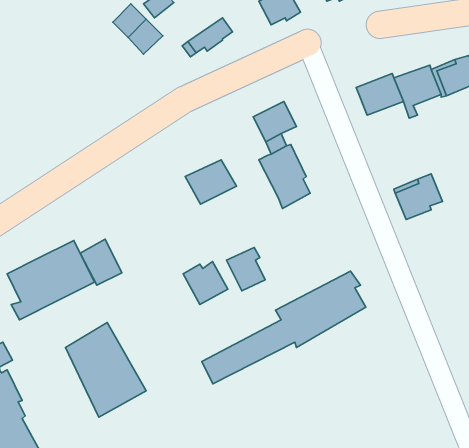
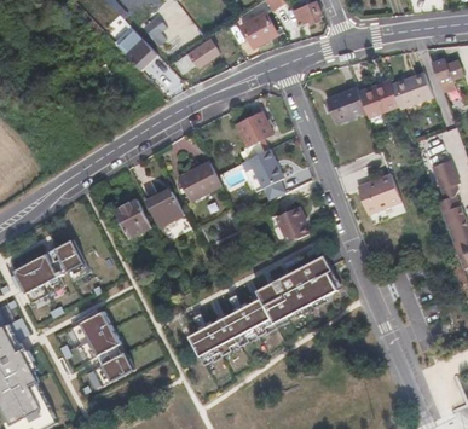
building: [80,239,122,285] -> [114,198,150,238]
building: [226,248,265,291] -> [276,205,310,243]
building: [183,261,228,305] -> [145,190,184,227]

